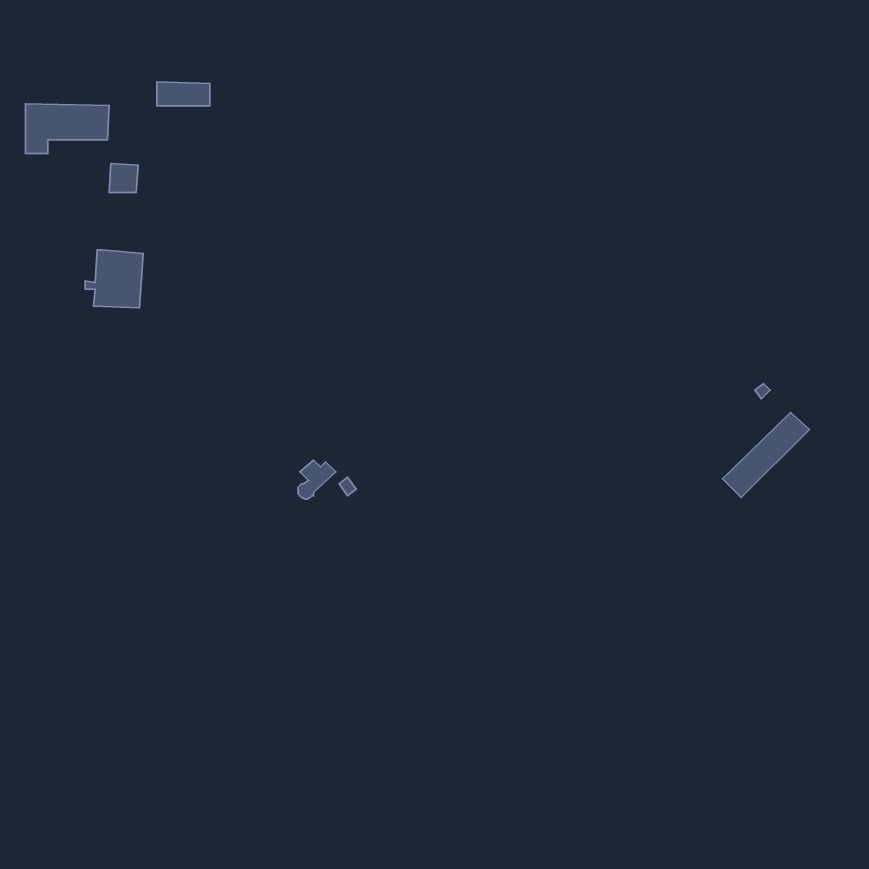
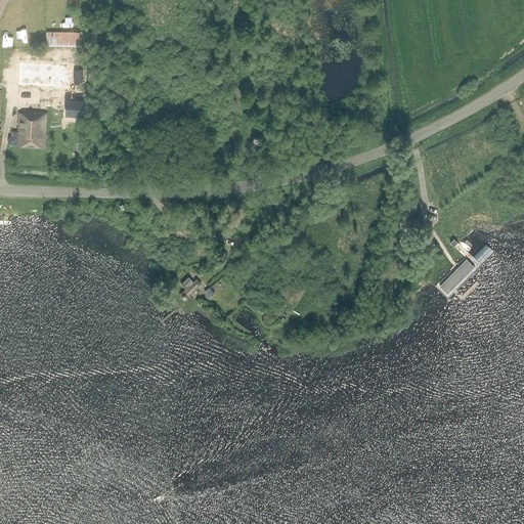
building: [157,82,210,106] -> [46,31,78,45]
building: [85,250,143,308] -> [11,112,46,146]

